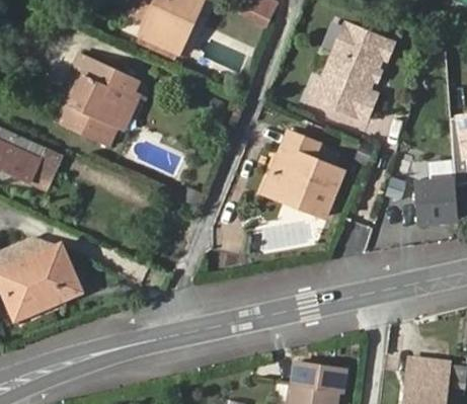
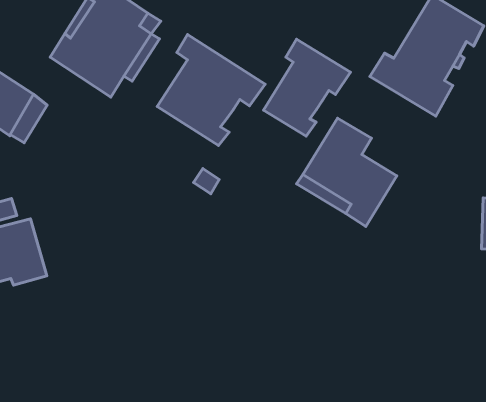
building: none -> [264,39,350,136]
building: none -> [157,35,265,146]

